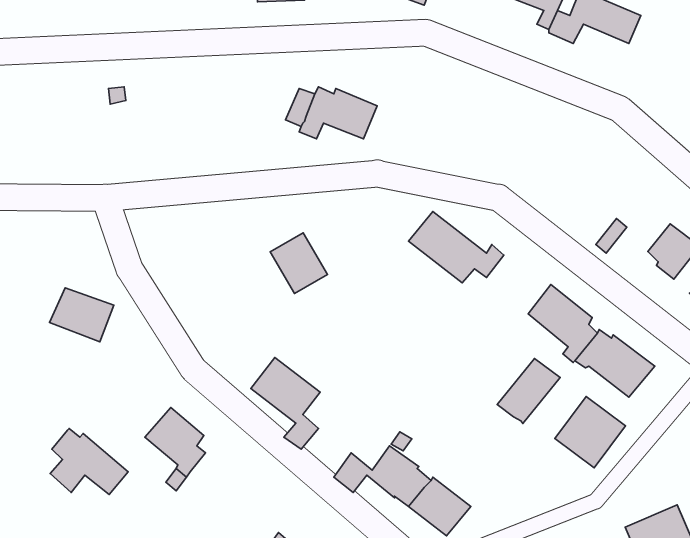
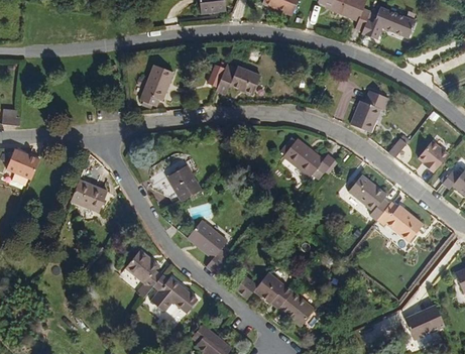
building: none -> [139,64,173,105]
building: none -> [351,89,389,132]
building: [270,233,328,294] -> [168,163,202,199]
building: [497,359,560,423] -> none
building: [555,396,625,468] -> none
building: [50,428,128,494] -> [151,274,197,313]

